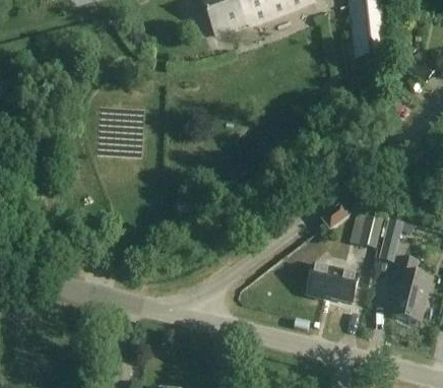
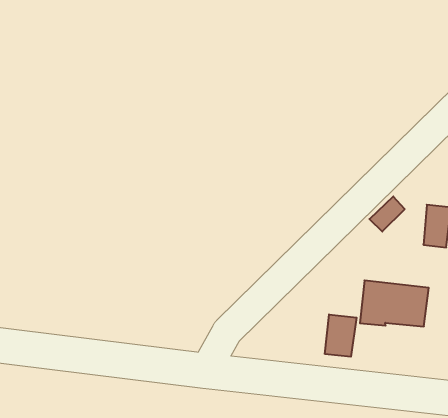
building: none -> [325,314,357,357]

